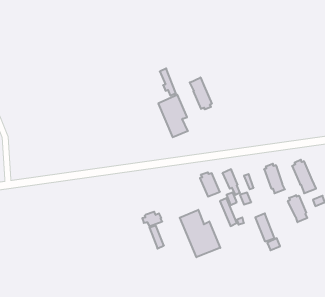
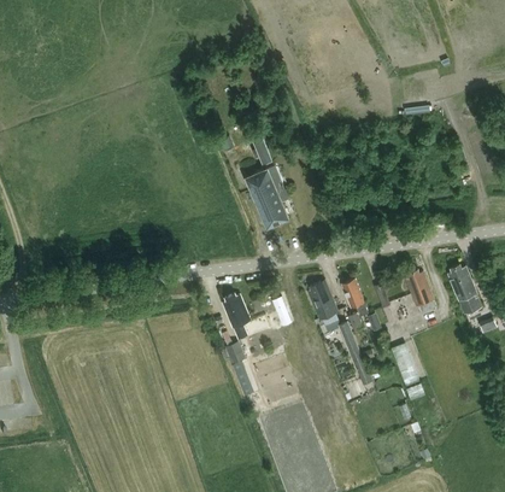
building: [190,77,212,109] -> none
building: none -> [223,292,252,338]
building: [288,195,307,222] -> none
building: [180,210,220,257] -> none

